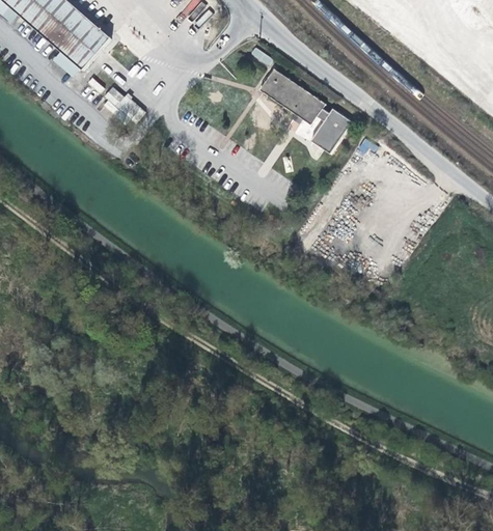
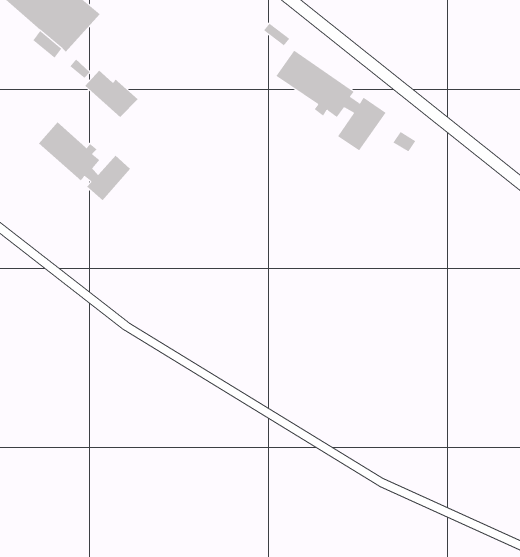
building: none -> [38,121,131,201]

